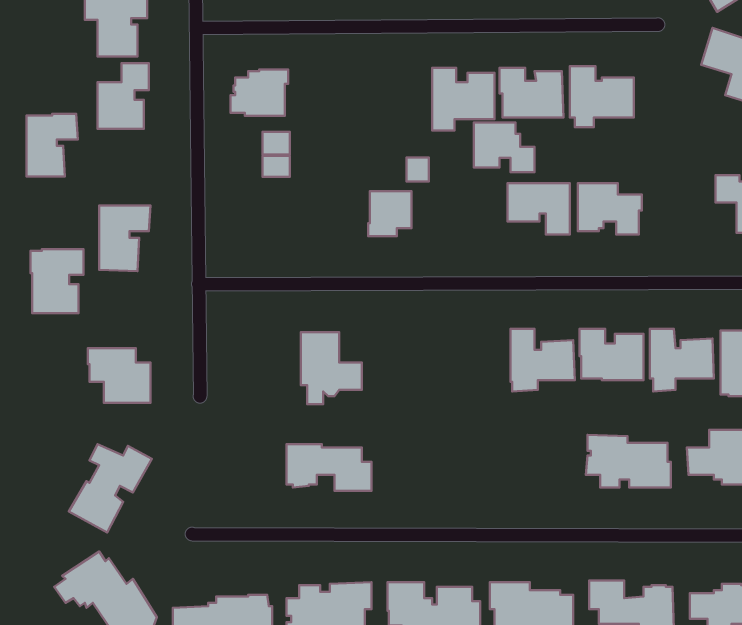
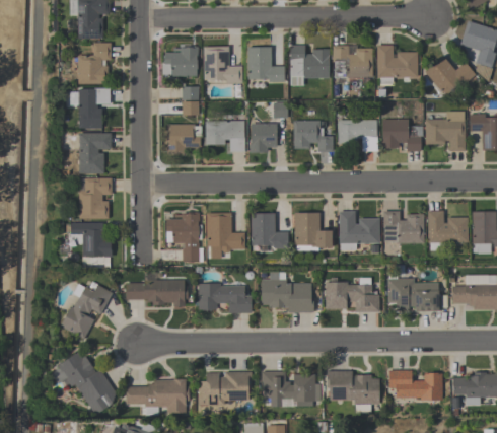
building: none -> [204,47,242,83]
building: none -> [248,47,285,82]
building: none -> [425,55,476,98]
building: [27,114,78,176] -> [78,88,111,128]
building: [474,123,535,172] -> [294,121,333,152]
building: none -> [426,111,466,151]
building: none -> [205,121,245,151]
building: none -> [167,124,201,154]
building: [31,249,83,313] -> [78,178,112,219]
building: none -> [166,212,204,263]
building: none -> [251,213,289,249]
building: none -> [294,213,332,250]
building: none -> [326,278,379,312]
building: none -> [262,279,314,312]
building: none -> [126,280,188,306]

